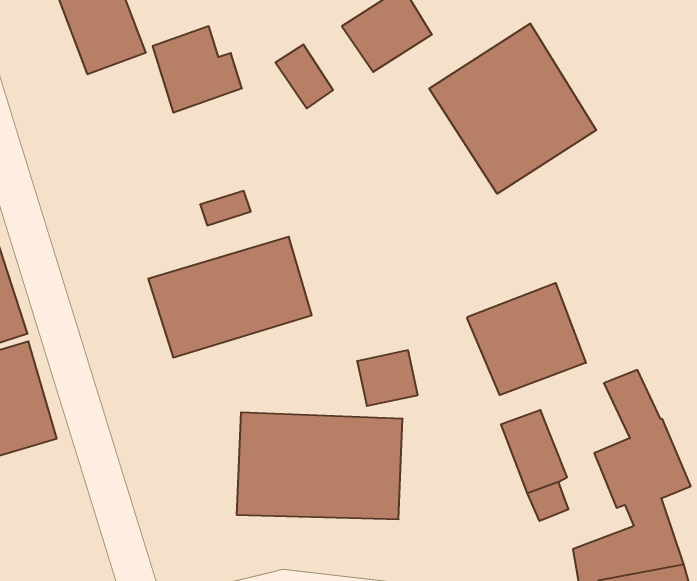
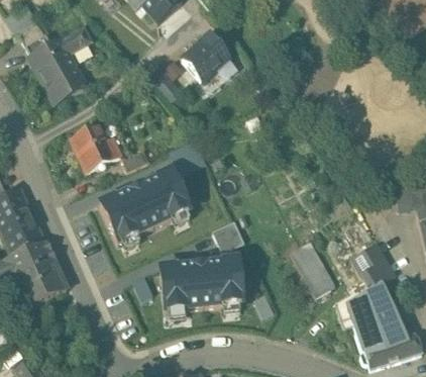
building: [429,23,596,194] -> none
building: [153,26,242,112] -> [72,125,120,172]
building: [467,283,586,395] -> none

